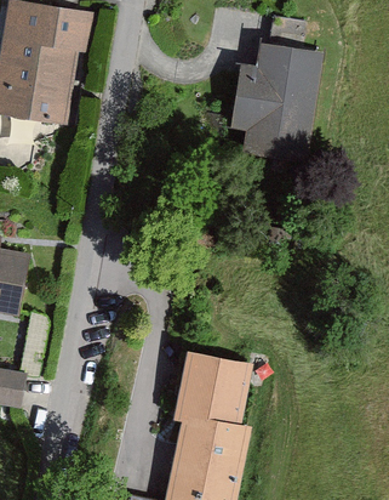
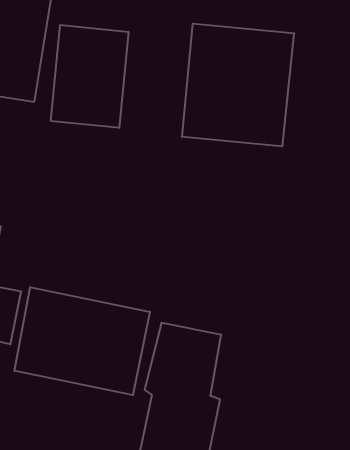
building: none -> [51,25,128,128]
building: none -> [15,287,150,395]

